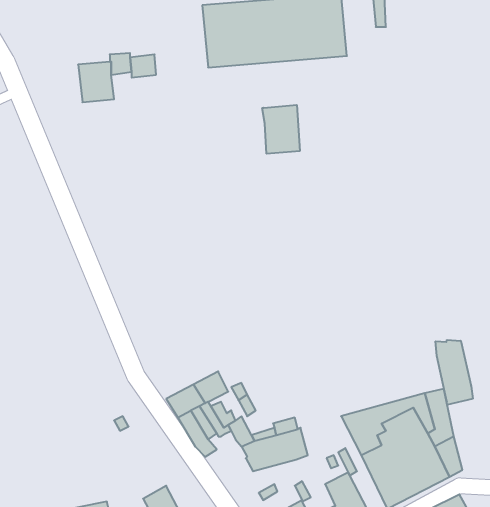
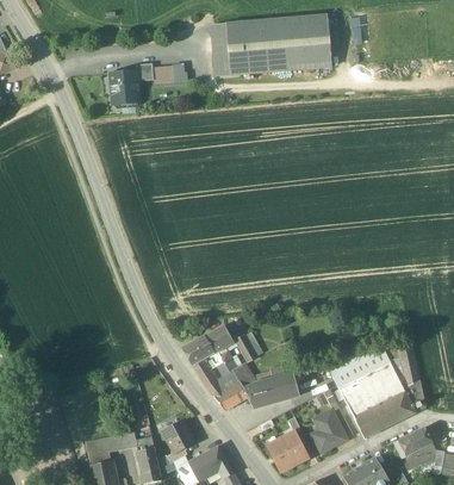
building: [262,105,300,154] -> none
building: [436,340,473,405] -> none
building: none -> [214,381,249,410]

